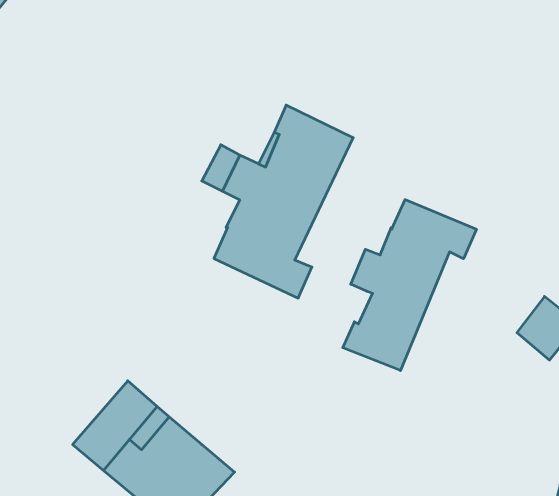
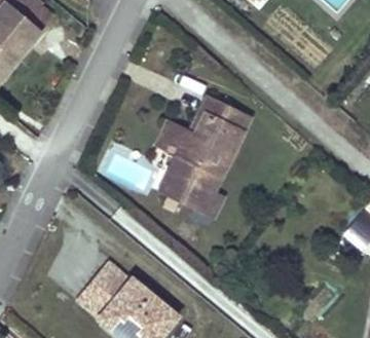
building: [343,200,476,371] -> none

